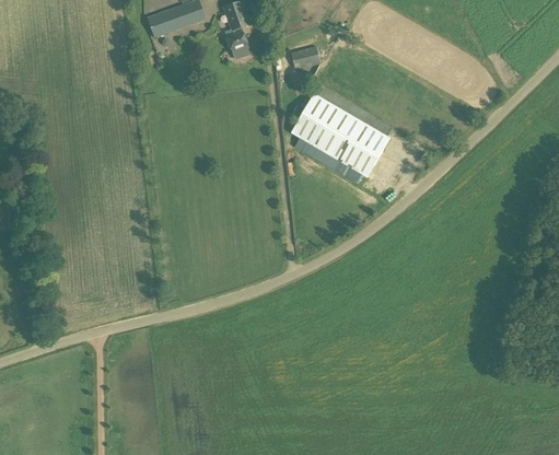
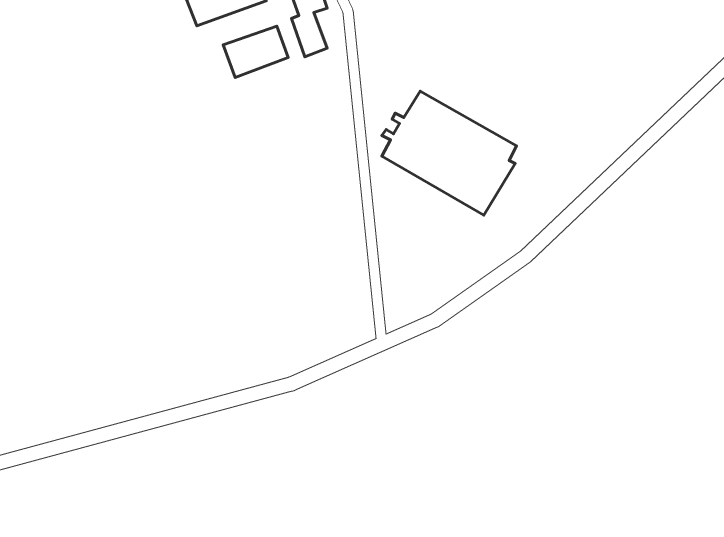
building: none -> [223,26,288,78]
building: [290,47,319,71] -> none

